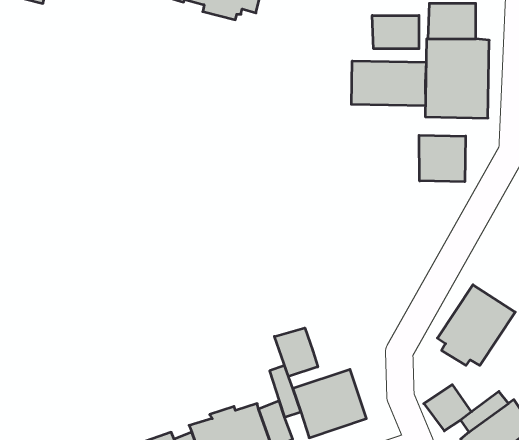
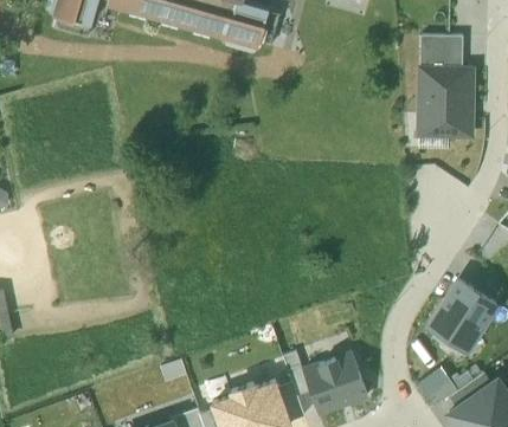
building: [372,15,419,49] -> none
building: [351,61,426,106] -> none
building: [419,135,466,182] -> none
building: [274,328,318,377] -> none

